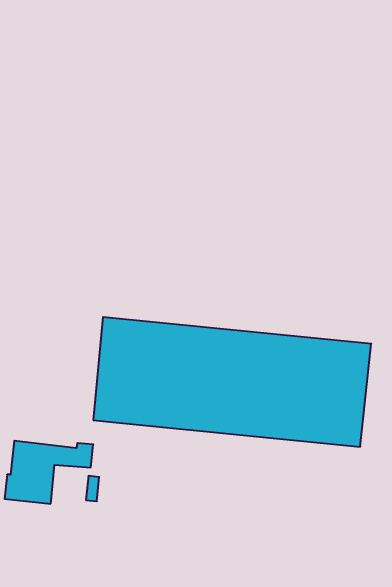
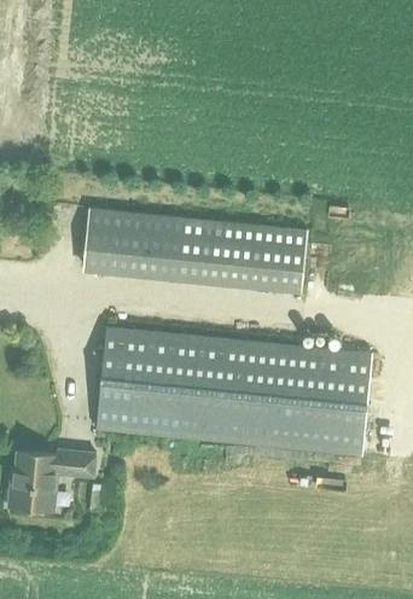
building: none -> [82,209,307,289]

